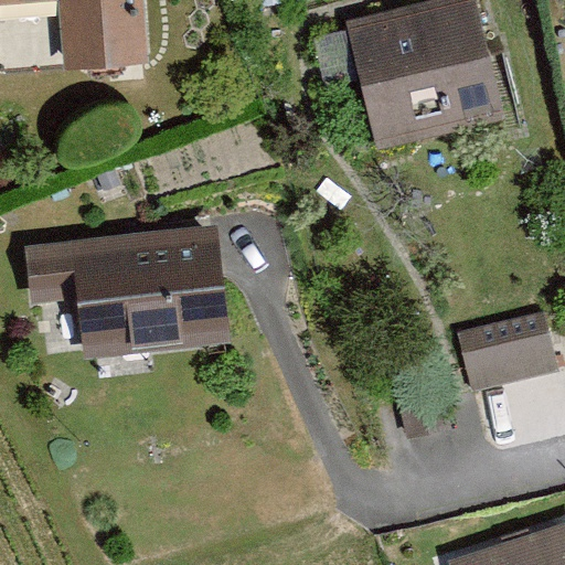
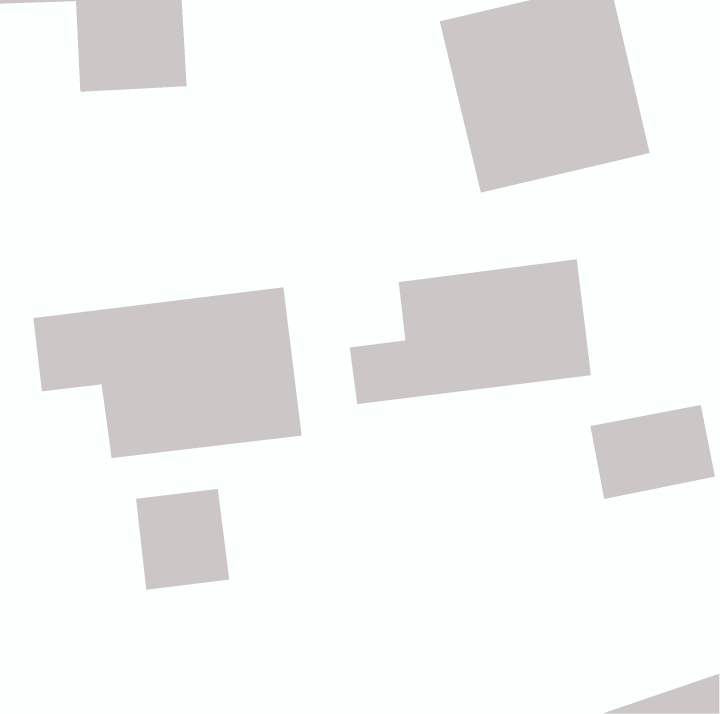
building: none -> [349,258,592,405]
building: none -> [136,488,230,590]

